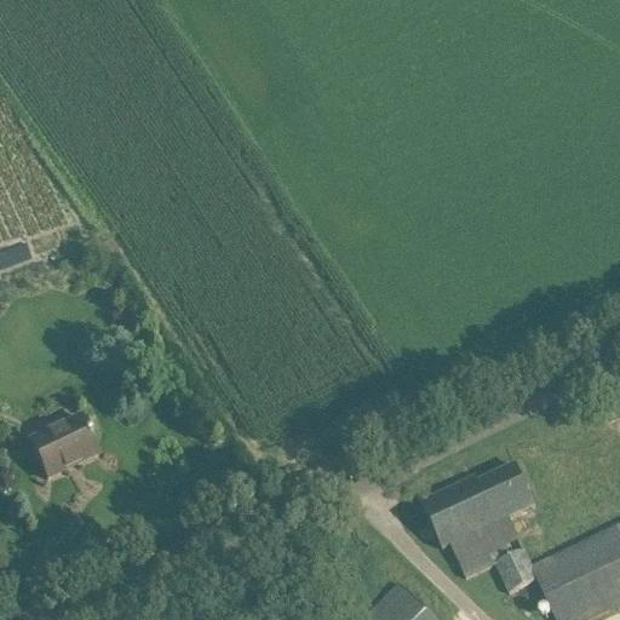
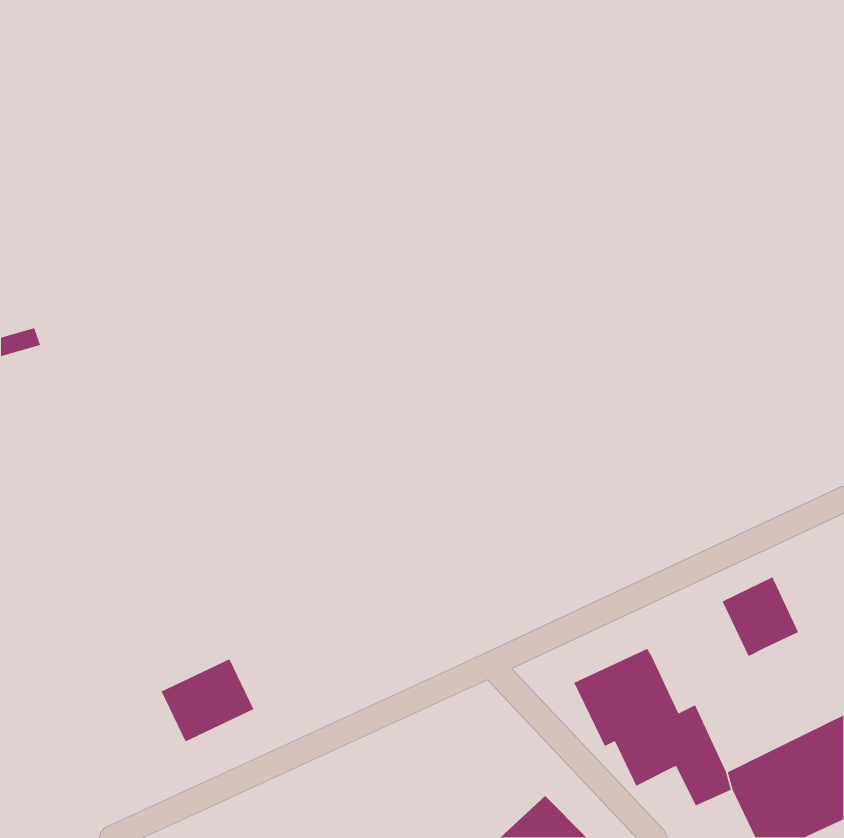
building: [29,415,98,477] -> [160,658,254,742]
building: [478,463,535,522] -> [722,576,799,657]

